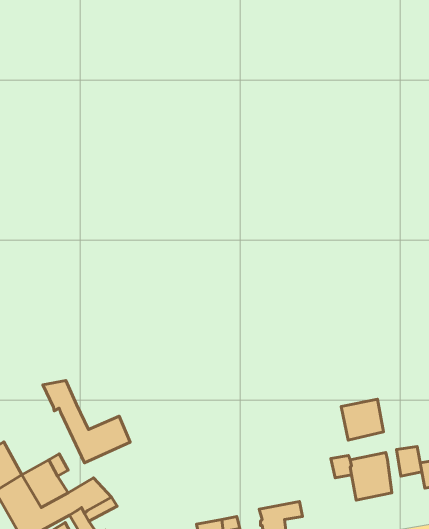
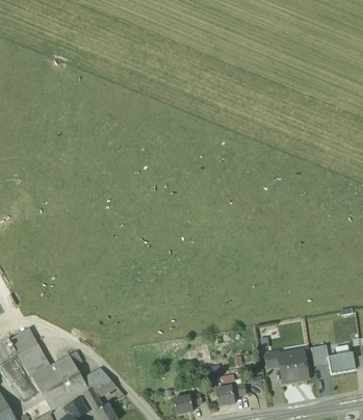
building: [43,380,130,463] -> none
building: [341,399,384,440] -> none

